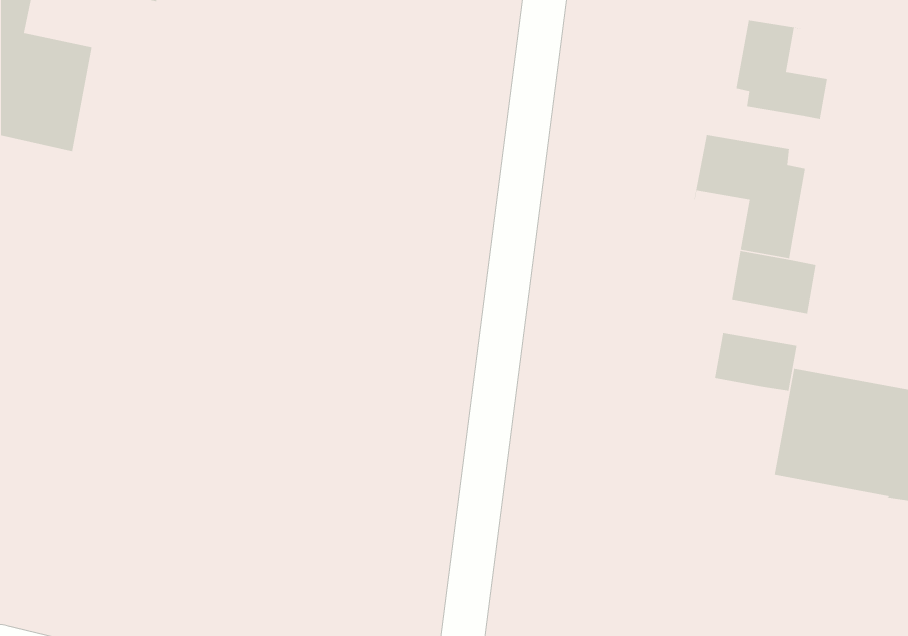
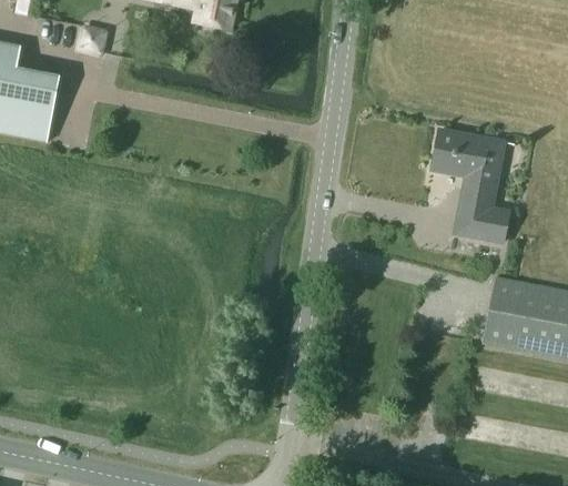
building: [736,19,828,120] -> none
building: [714,332,797,392] -> none

